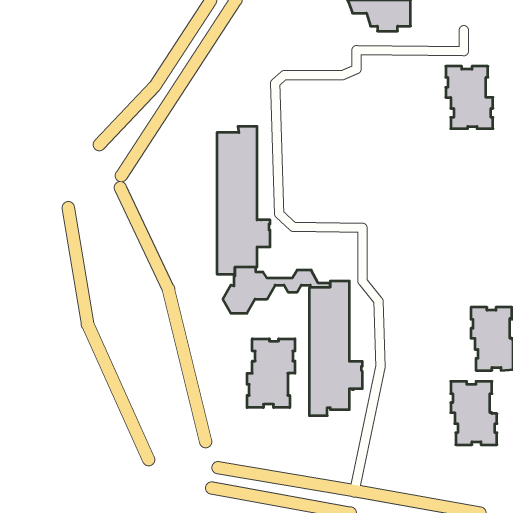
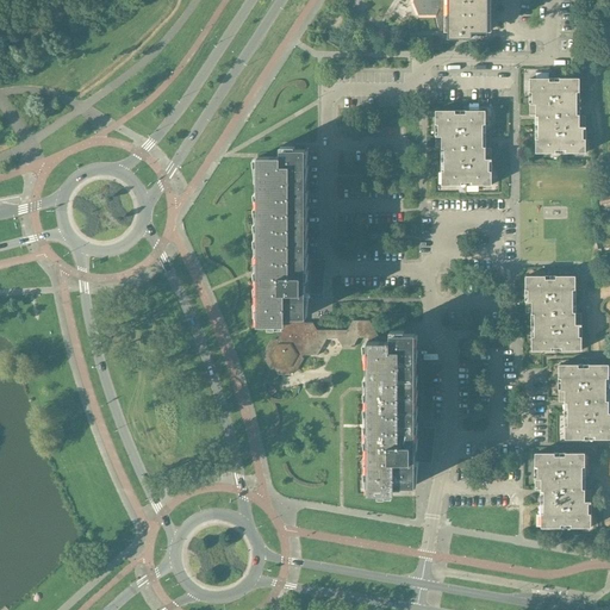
building: none -> [435,111,491,186]
building: none -> [525,276,581,350]
building: [247,339,295,408] -> none

